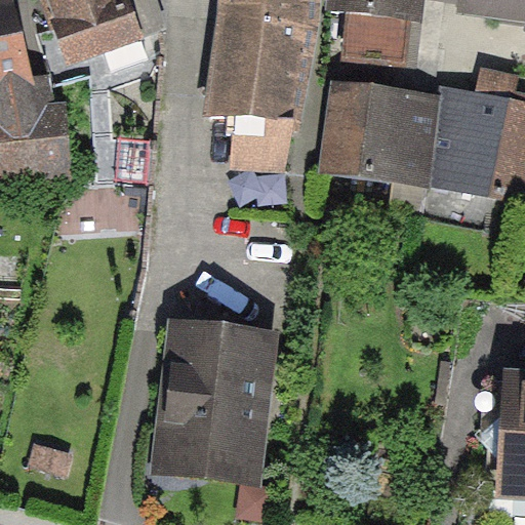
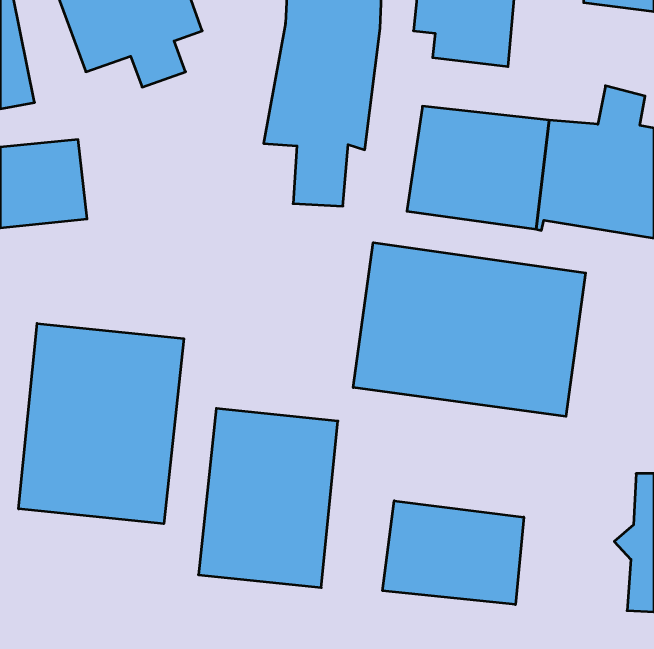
building: none -> [353,243,586,416]
building: none -> [19,323,184,524]
building: none -> [383,501,524,605]

